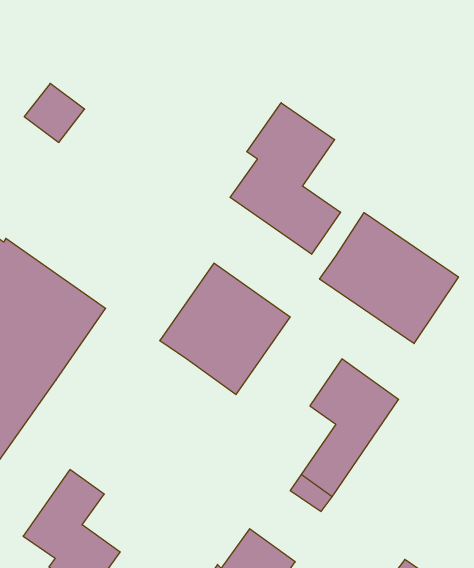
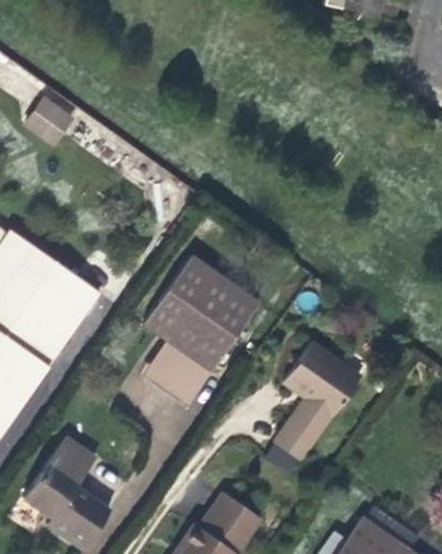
building: [230,103,341,254] -> none
building: [320,213,458,344] -> none
building: none -> [144,339,213,404]

